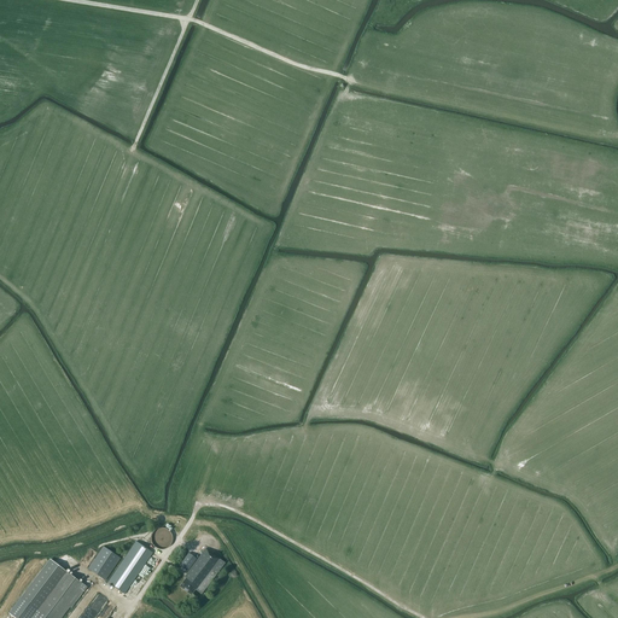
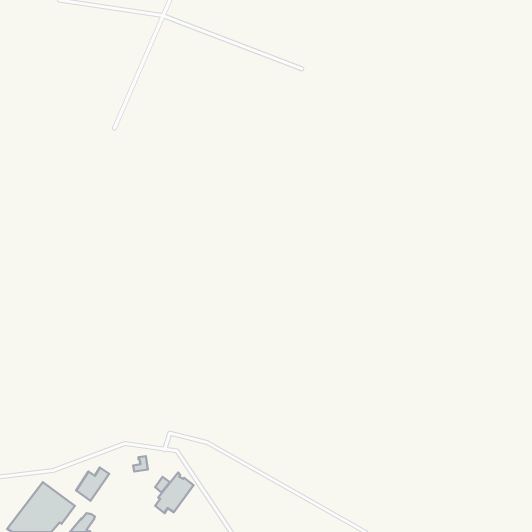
building: [107,541,152,594] -> none

